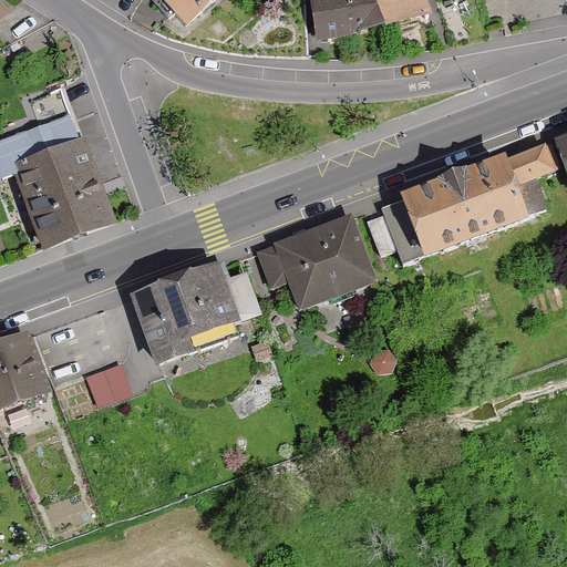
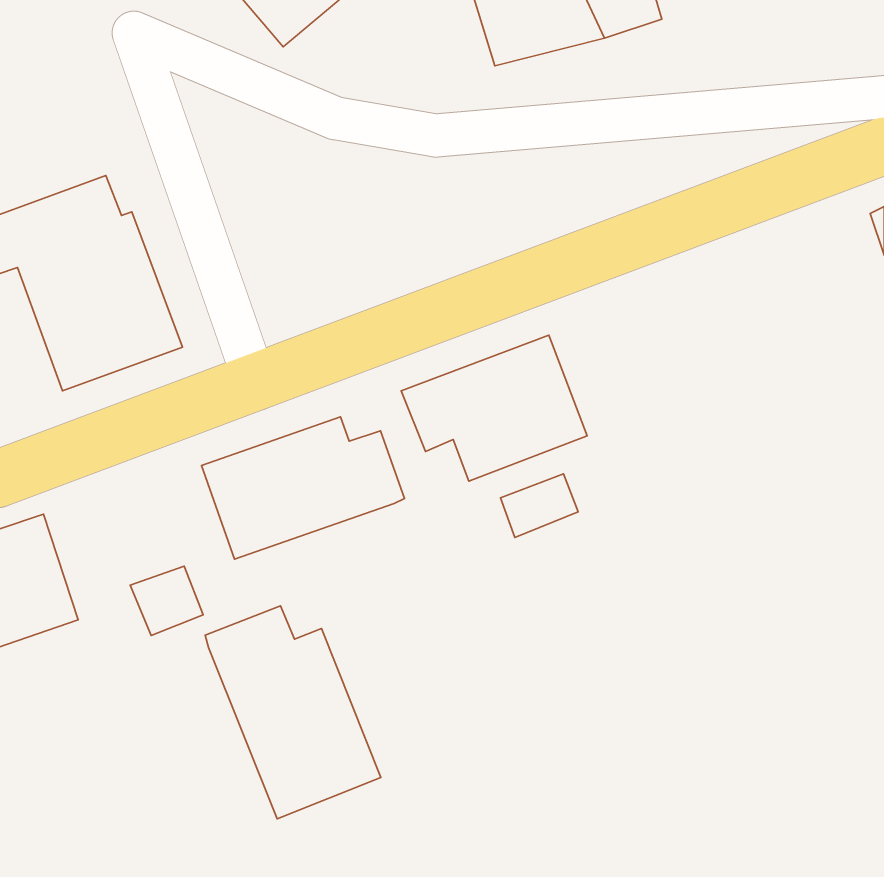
building: [365,141,557,264] -> none
building: none -> [501,474,578,538]
building: none -> [205,606,381,819]

